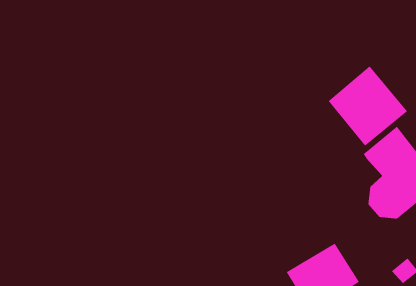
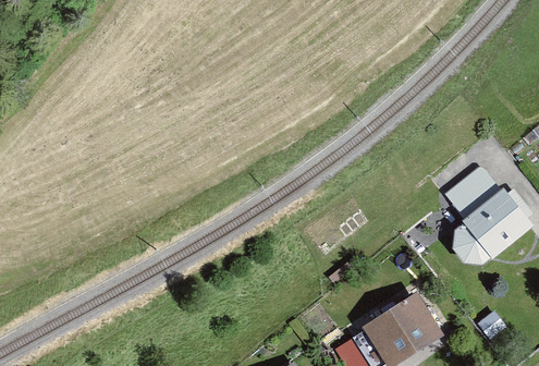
building: [328,65,408,146] -> none

